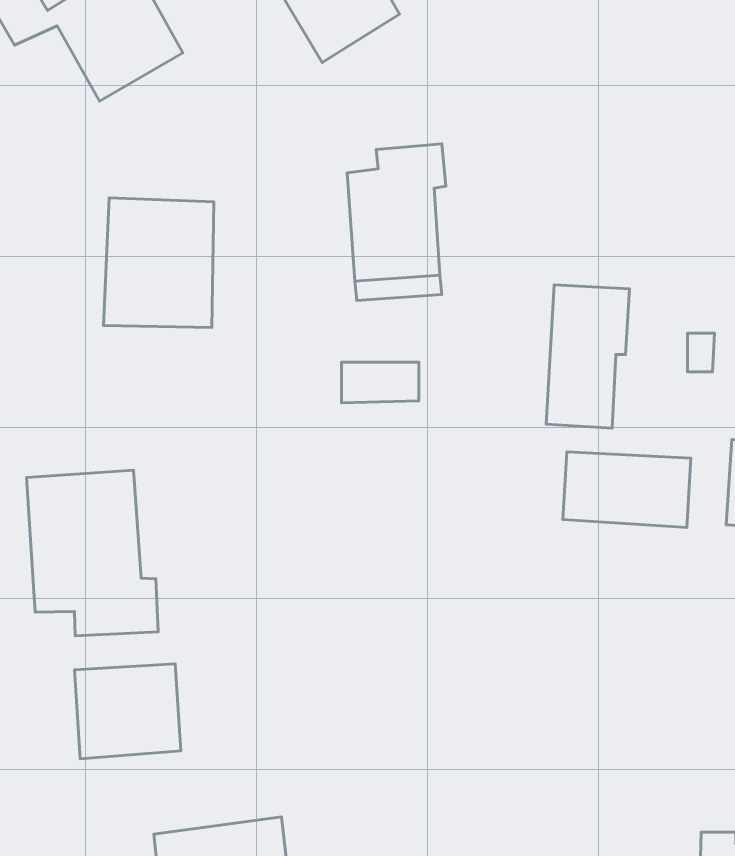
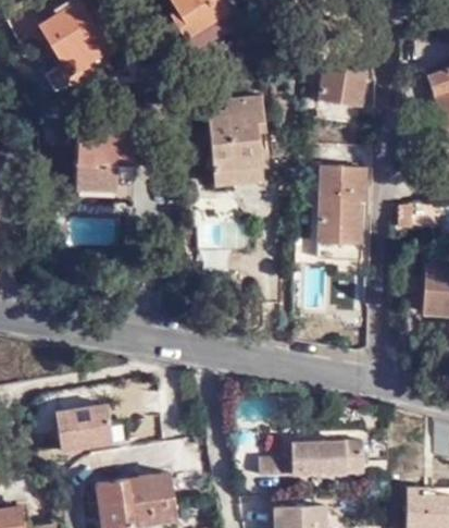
building: none -> [317,64,366,106]
building: [563,452,691,527] -> none
building: [26,470,158,636] -> none
building: none -> [260,440,364,474]

